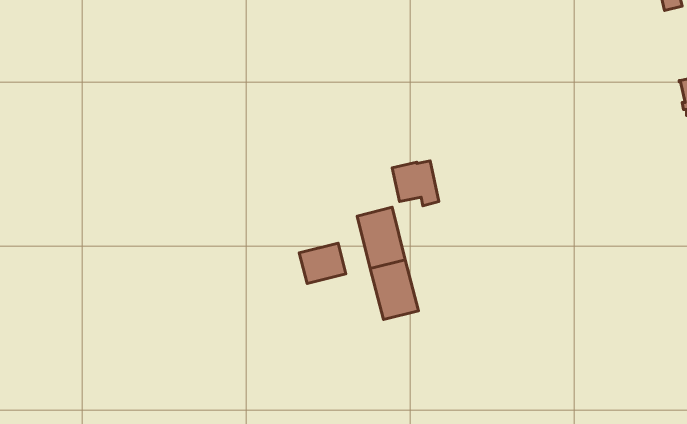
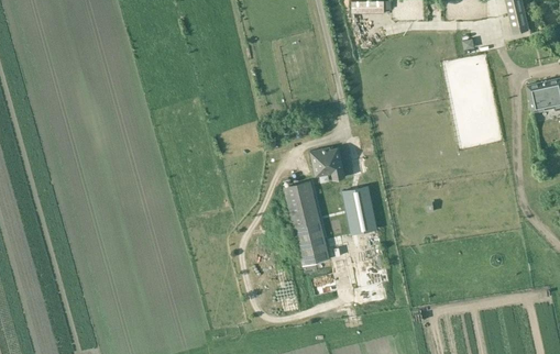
building: none -> [342,186,377,233]
building: [299,243,346,284] -> none

